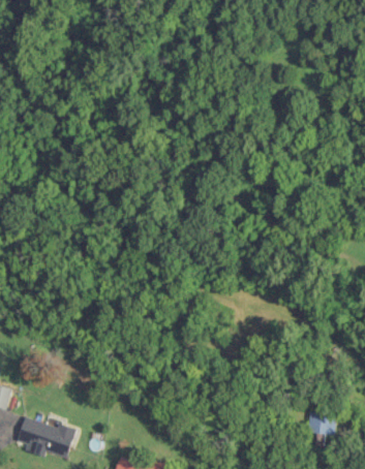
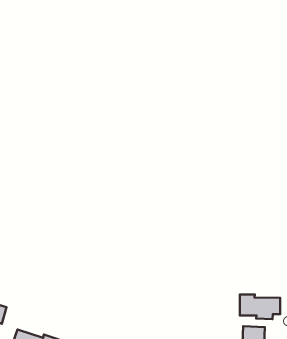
building: none -> [240,294,280,319]

